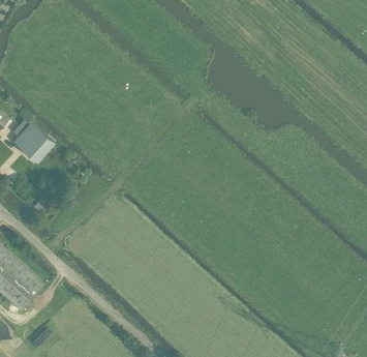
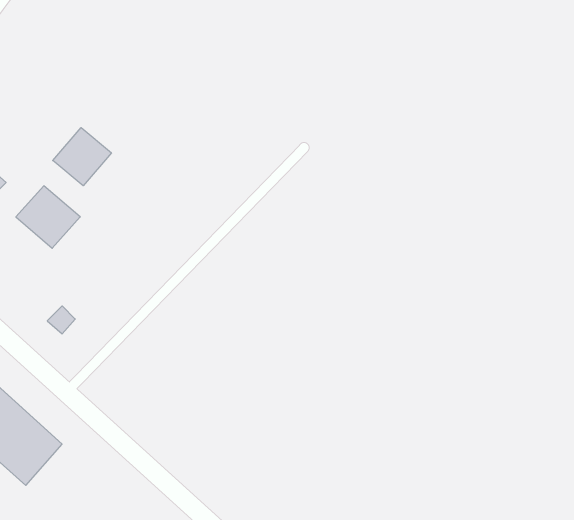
building: none -> [53,128,111,186]

